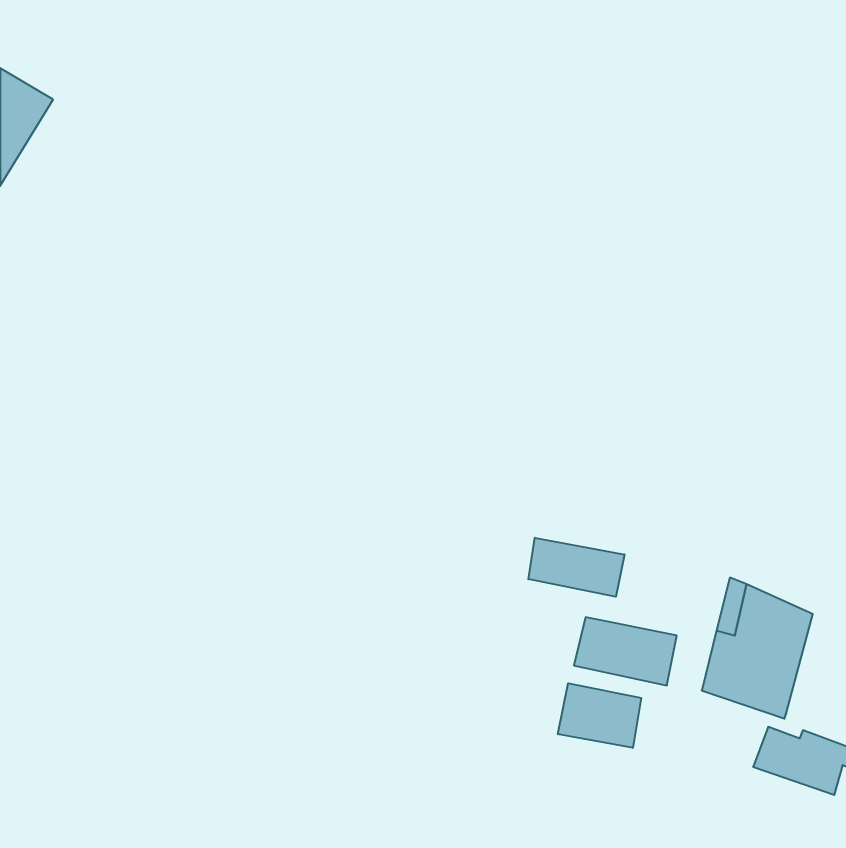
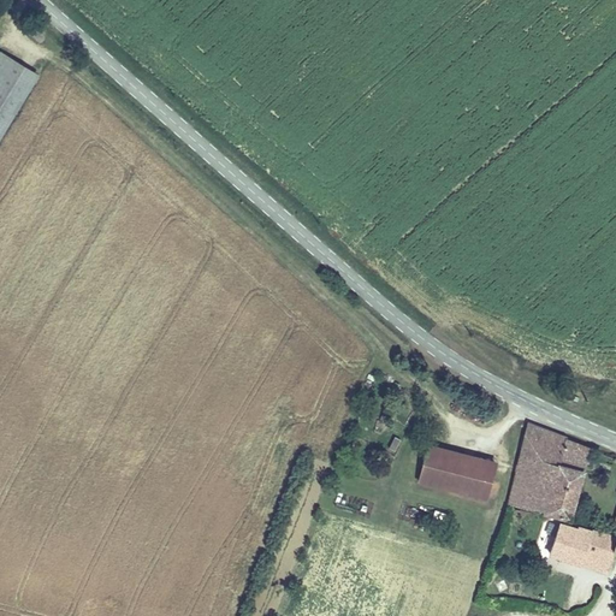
building: [528,538,624,597] -> none
building: [558,683,641,748] -> none

